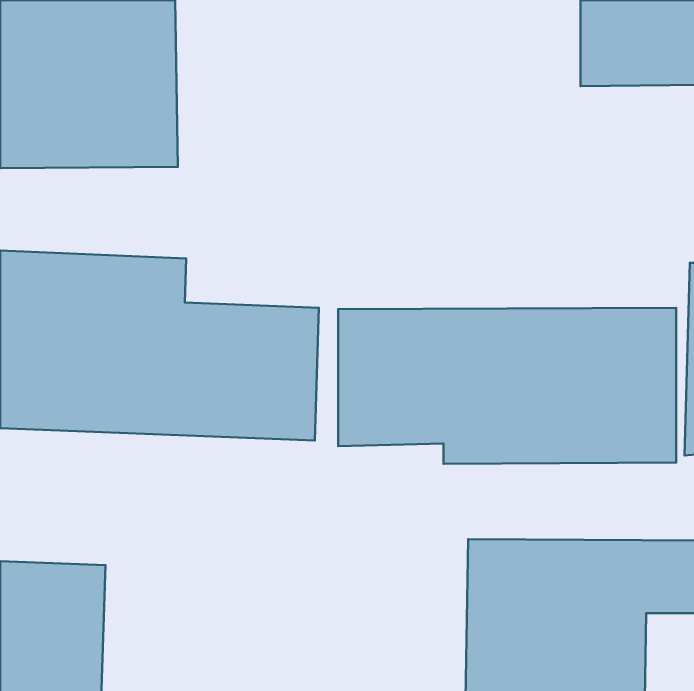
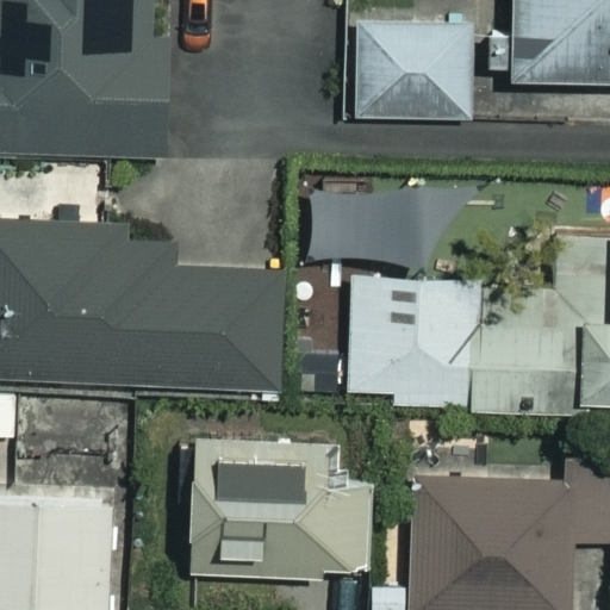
building: none -> [357,25,469,119]
building: none -> [310,183,422,264]
building: none -> [182,443,373,578]

